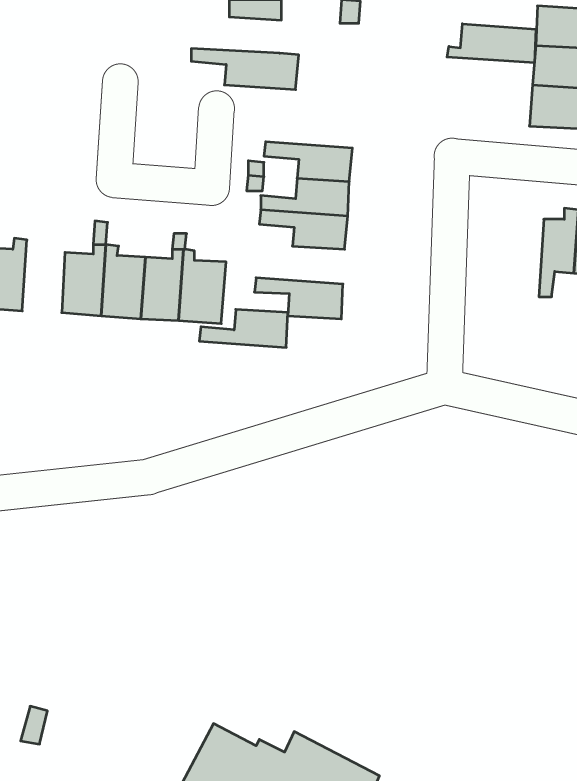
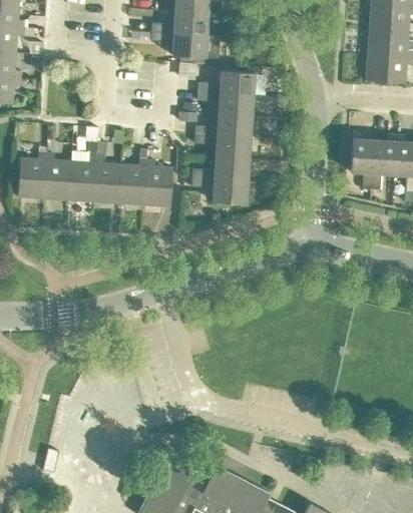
building: none -> [151,12,209,35]
building: [447,24,536,63] -> none
building: none -> [198,70,255,95]
building: none -> [350,131,375,189]
building: none -> [44,153,71,199]
building: [199,309,288,347] -> [192,157,249,181]

